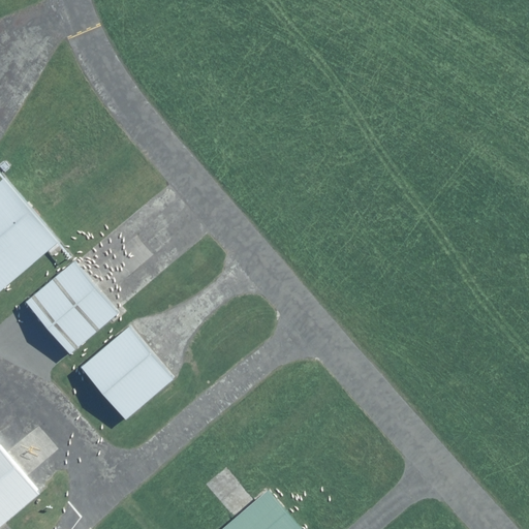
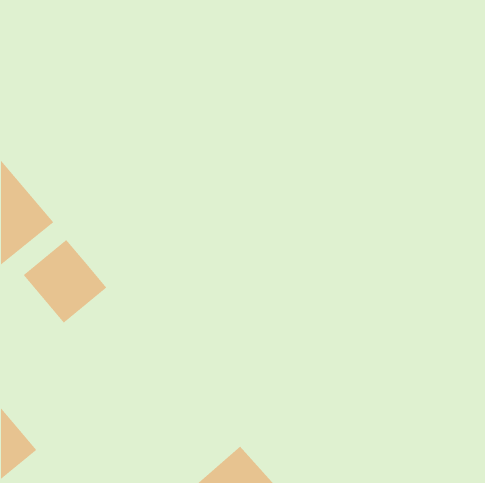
building: [79,326,174,422] -> none

